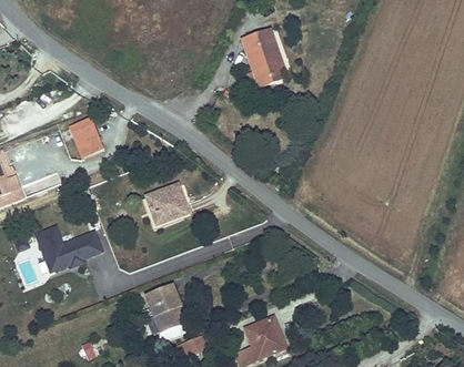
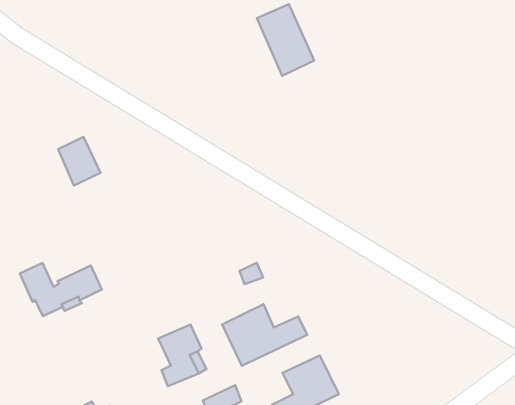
building: [145,185,189,226] -> none
building: none -> [222,304,307,366]

